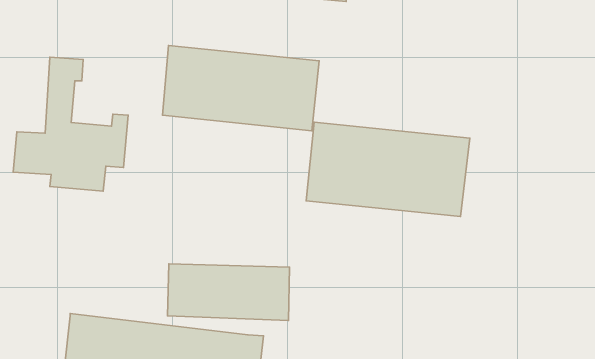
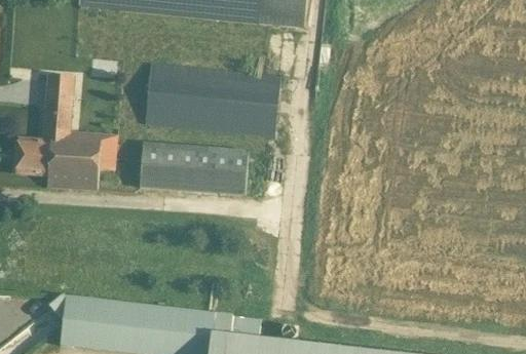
building: [306,122,470,216] -> none
building: [168,264,290,321] -> [139,141,245,190]

